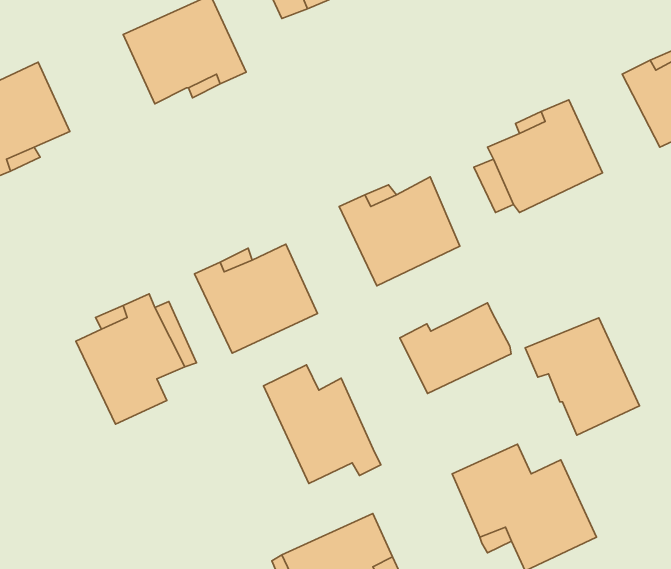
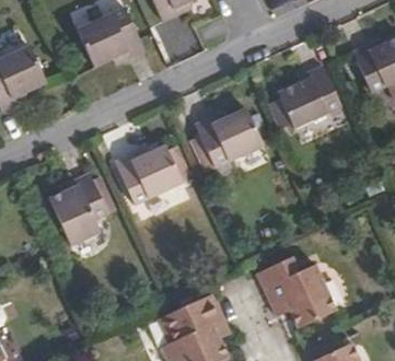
building: [400,303,511,394] -> none
building: [525,318,639,435] -> none
building: [263,365,381,484] -> none

